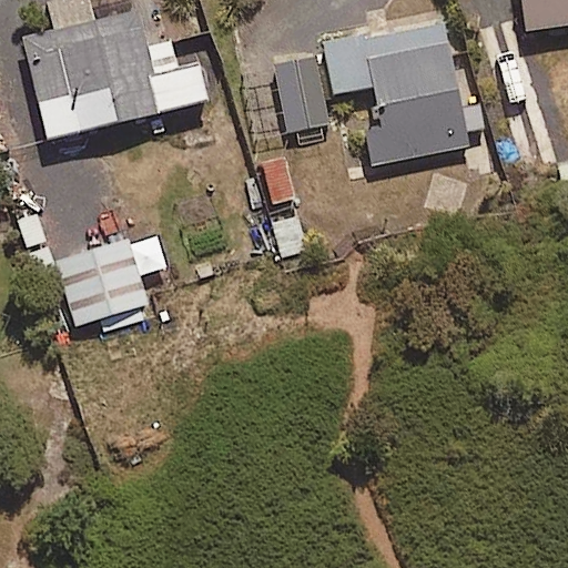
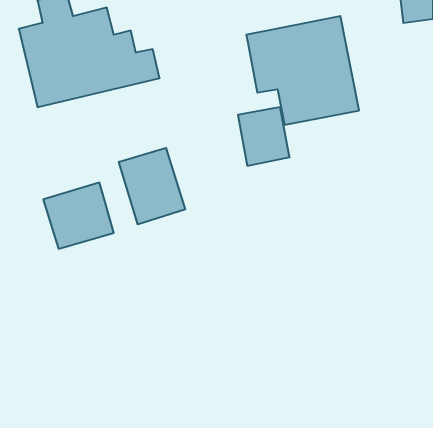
building: [268,55,336,132] -> [238,107,290,166]
building: none -> [119,148,185,224]

